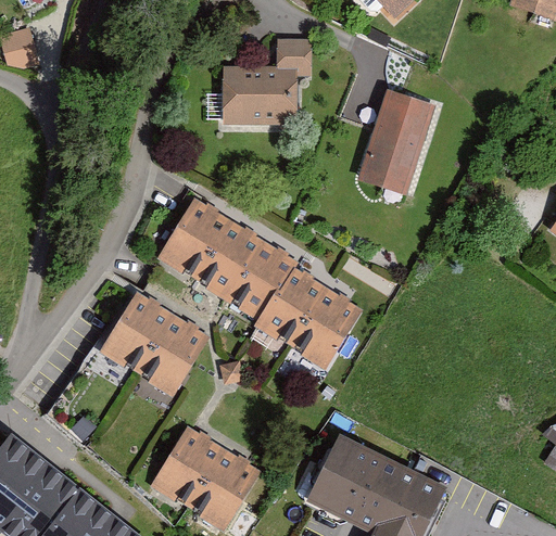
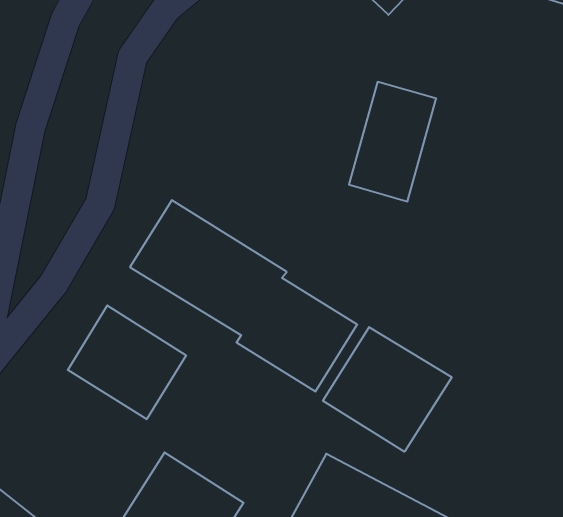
building: [210,47,312,138] -> none
building: none -> [323,327,452,452]

